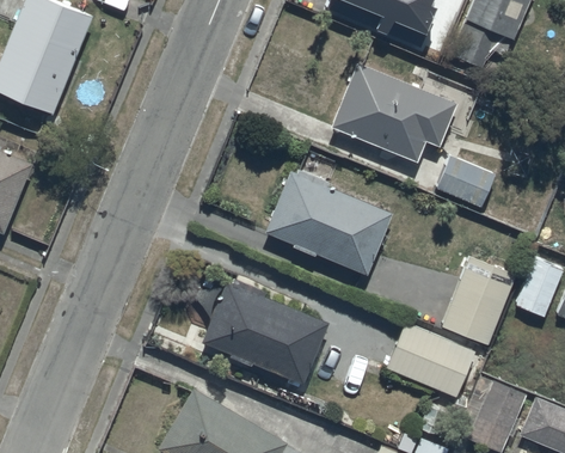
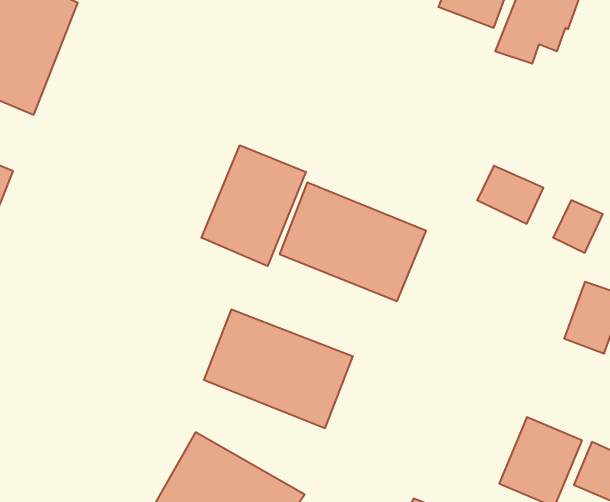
building: [332,62,455,163] -> none
building: none -> [201,145,306,266]
building: [442,257,516,348] -> none
building: [386,327,474,398] -> none

